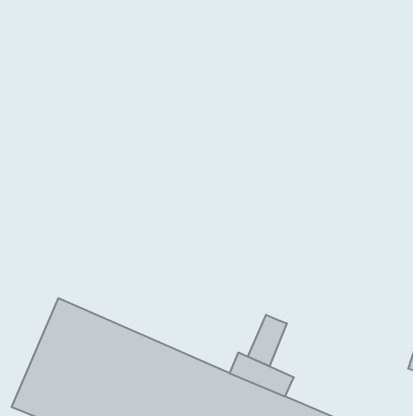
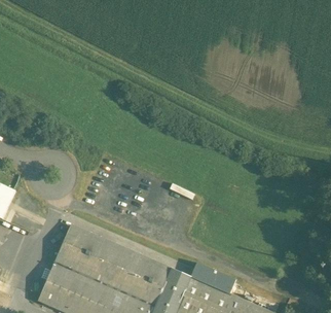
building: [248,315,287,366] -> none

